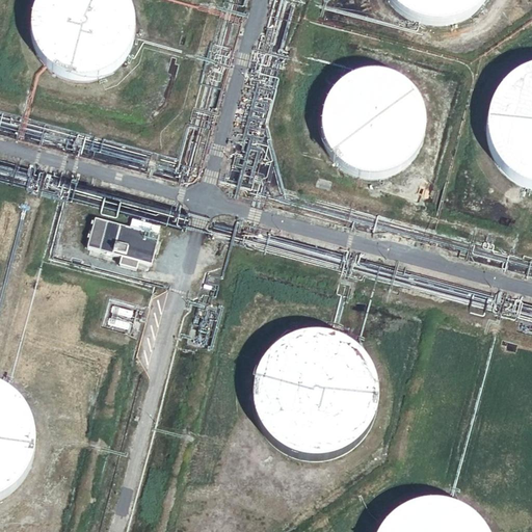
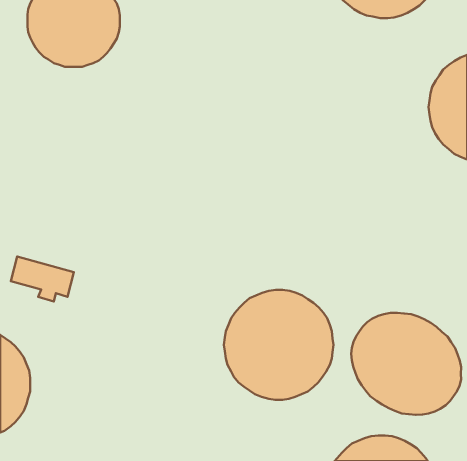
building: [318,68,424,174] -> none
building: [87,213,159,264] -> [11,257,74,301]
building: none -> [351,313,461,415]

